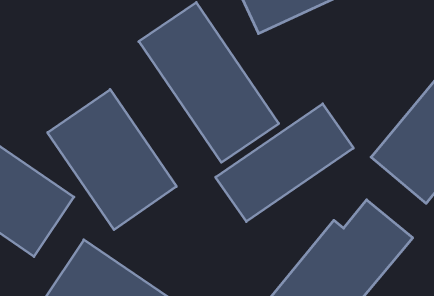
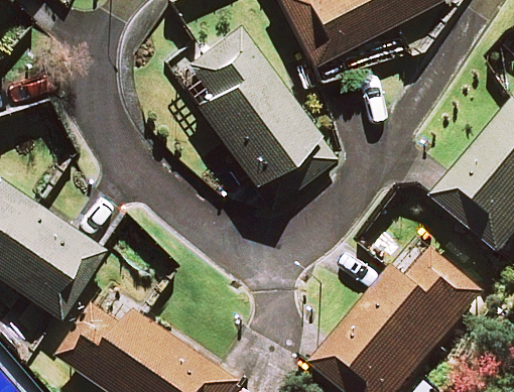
building: [48,89,176,230] -> none
building: [216,104,353,222] -> none

